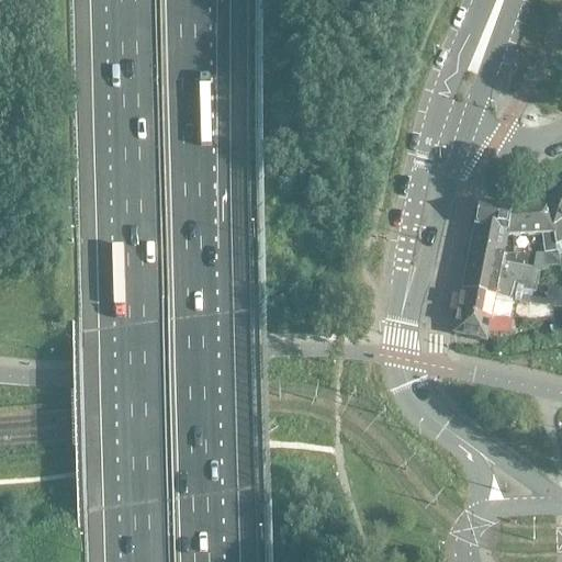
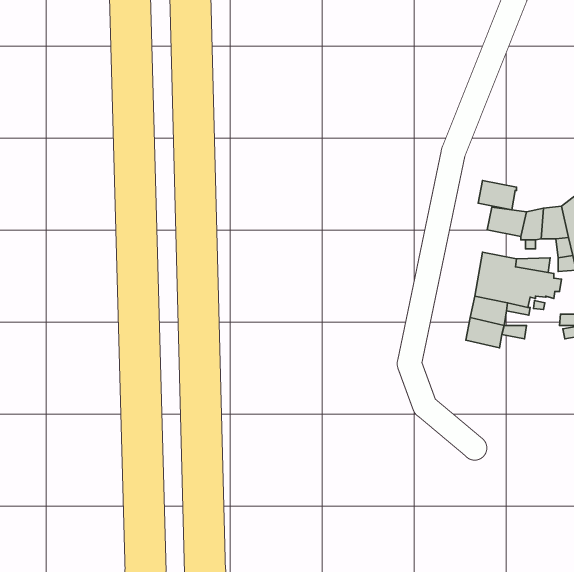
building: [472,224,509,252] -> [478,181,516,210]

